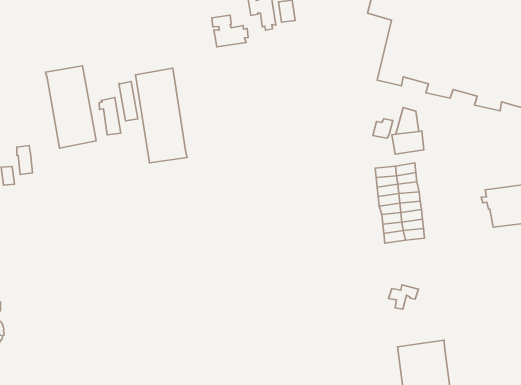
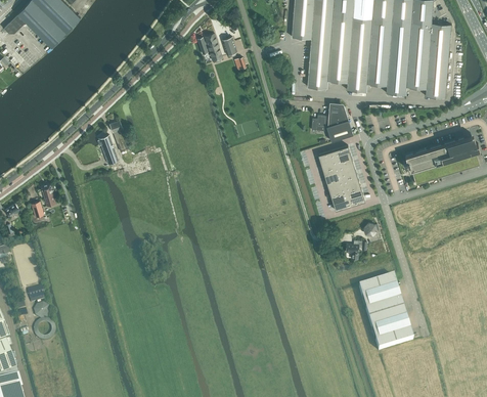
building: [212,15,248,47] -> none
building: [46,66,96,148] -> none
building: [135,68,187,163] -> none

